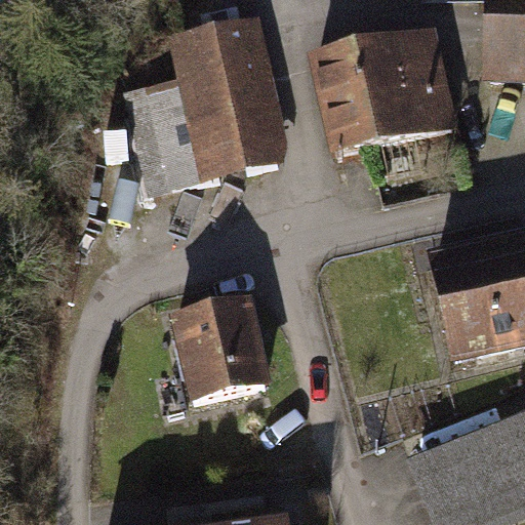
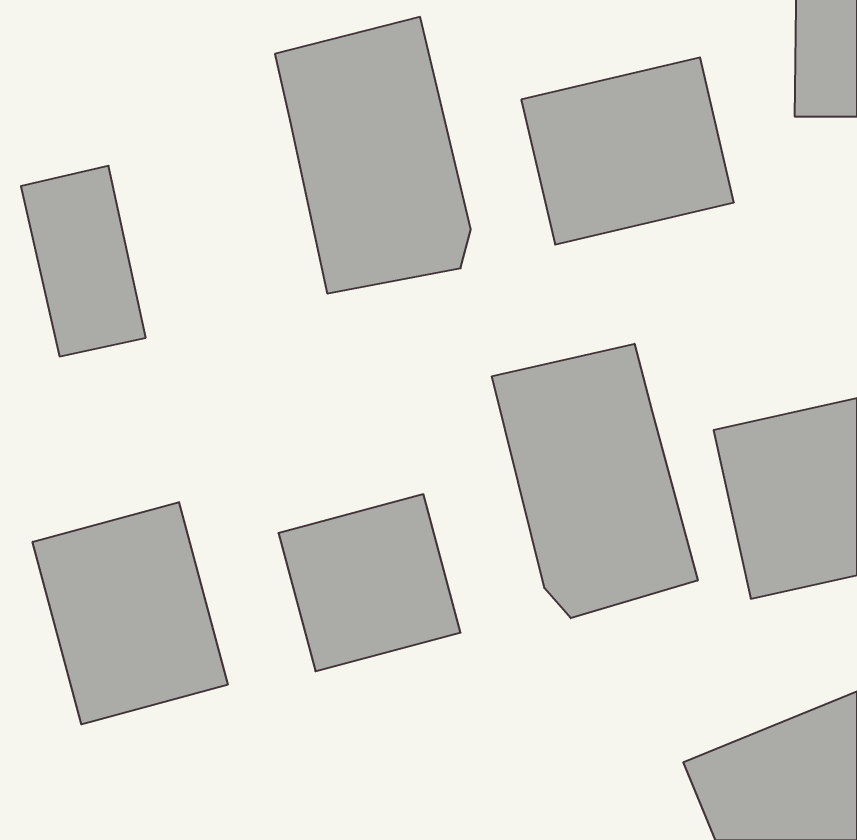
building: [123,74,199,190] -> [21,166,146,356]
building: none -> [492,344,698,618]
building: none -> [33,502,228,724]

